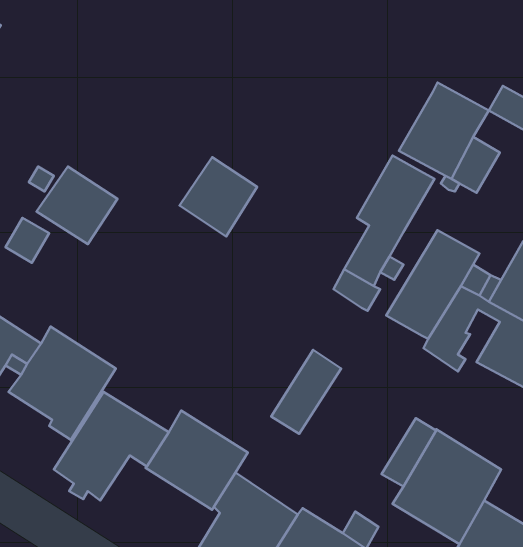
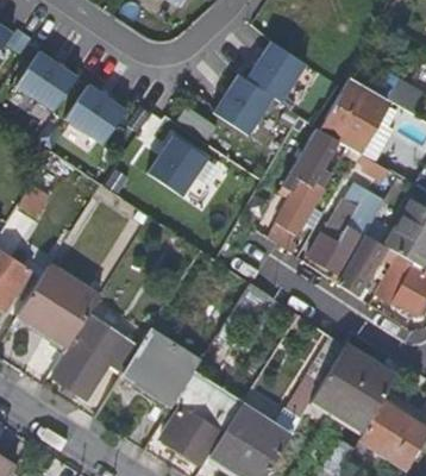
building: none -> [214,40,305,134]
building: none -> [17,52,77,113]
building: [37,166,117,244] -> [65,86,127,145]

